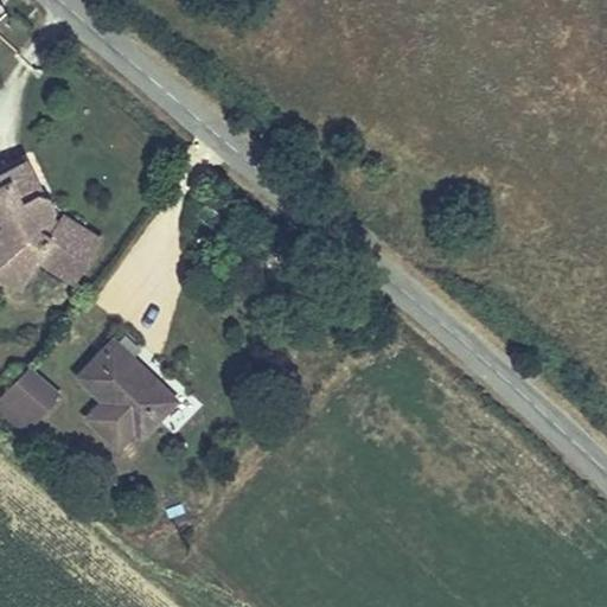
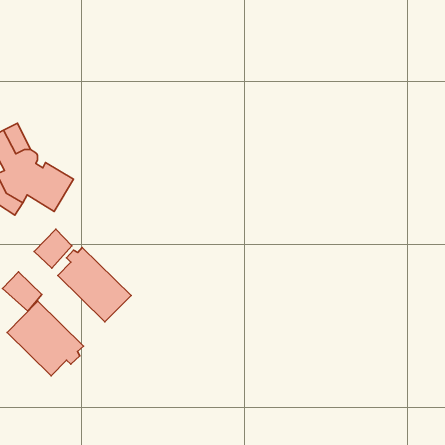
building: none -> [34,229,72,268]
building: none -> [7,301,83,376]

